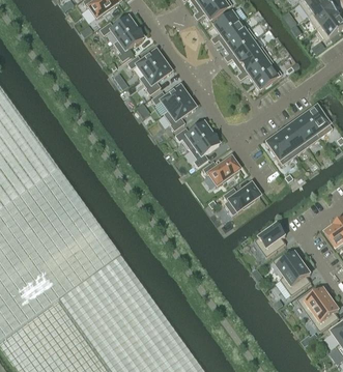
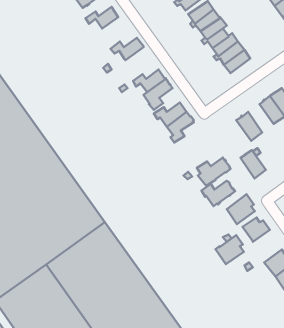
building: [113,27,143,60] -> none
building: [139,59,170,93] -> none
building: [279,123,307,154] -> [241,150,266,178]
building: [202,156,239,184] -> [201,181,235,206]
building: [280,262,311,294] -> [216,235,244,264]

